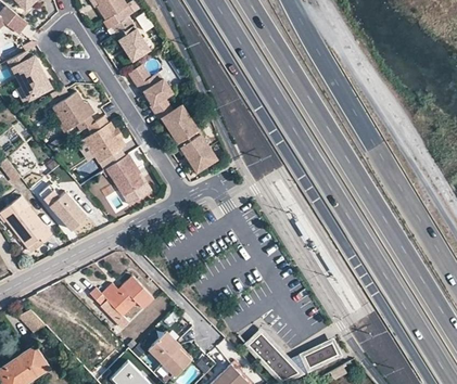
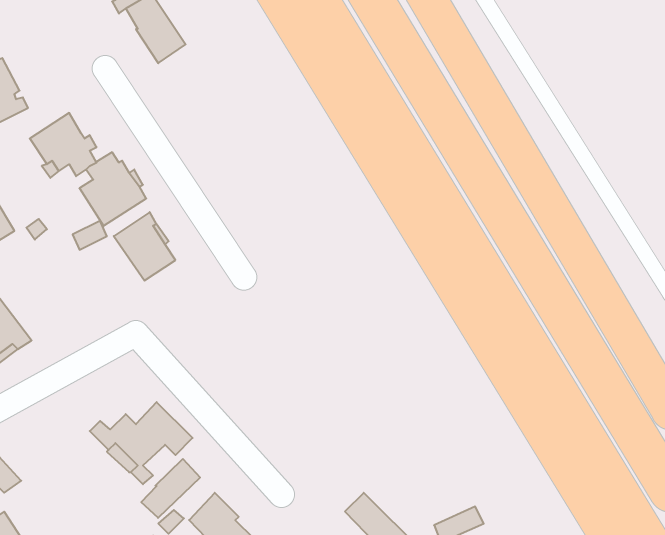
building: [128,65,215,171] -> none
building: [39,184,87,229] -> none
building: none -> [141,459,200,518]

